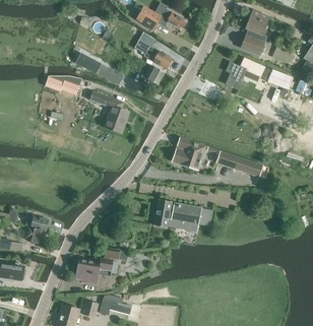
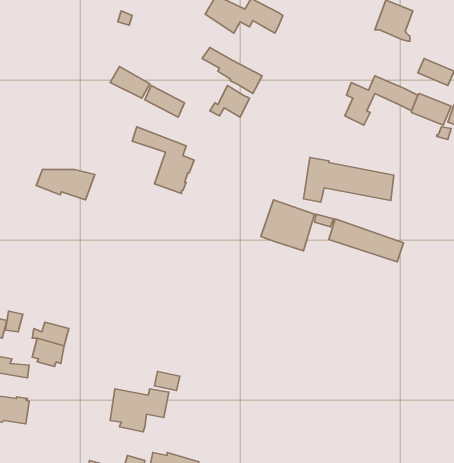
building: [241,28,267,55] -> none
building: [45,75,82,94] -> [36,170,95,200]
building: [154,199,212,227] -> [303,158,394,202]

